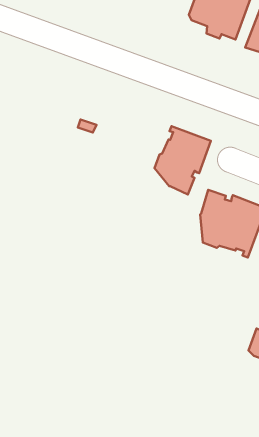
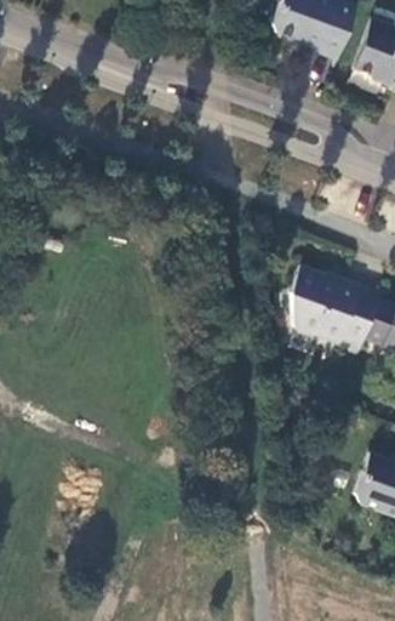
building: [154,126,211,195] -> none

